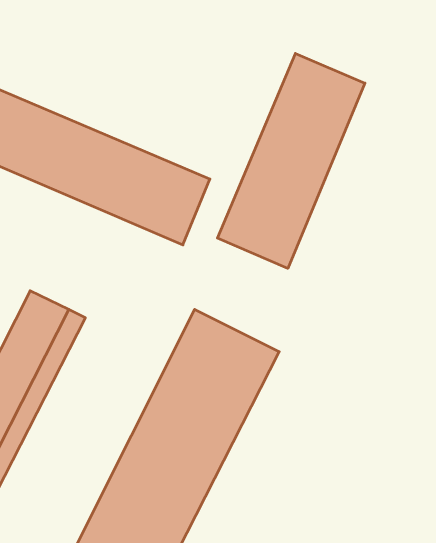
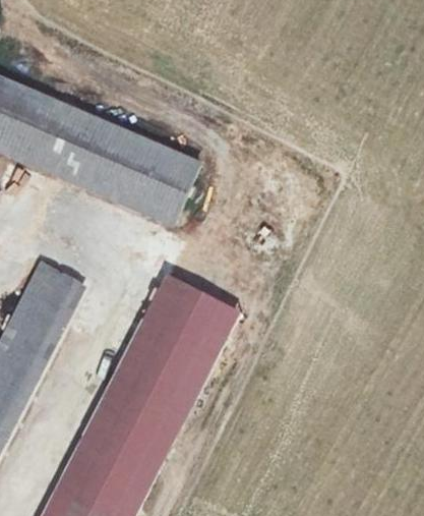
building: [217,53,365,268] -> none

